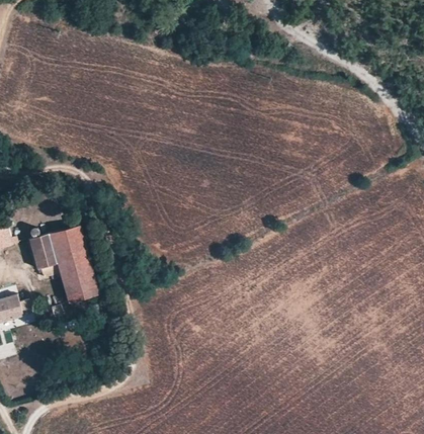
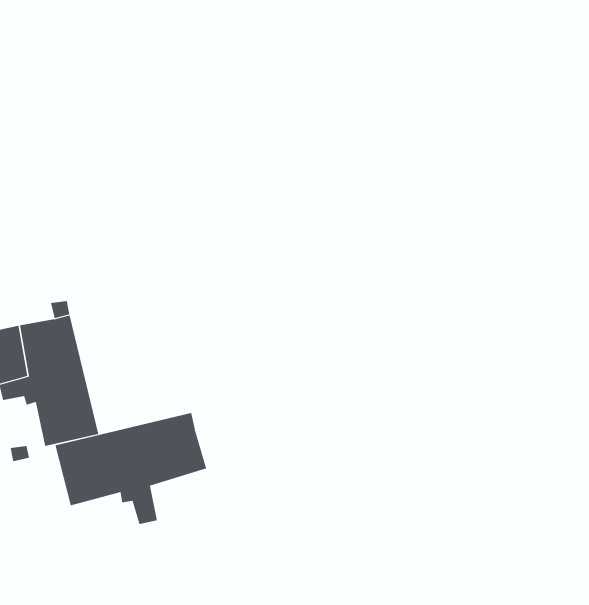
building: none -> [55,412,207,525]

